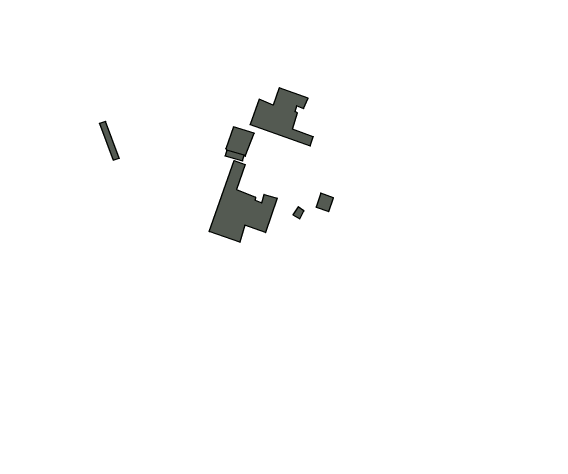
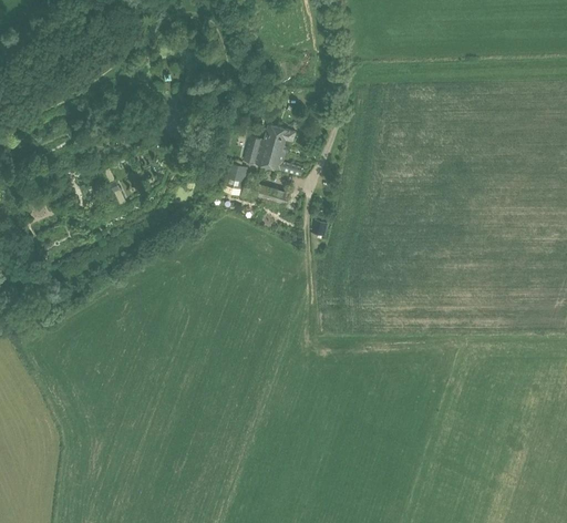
building: [209,161,277,242] -> none

